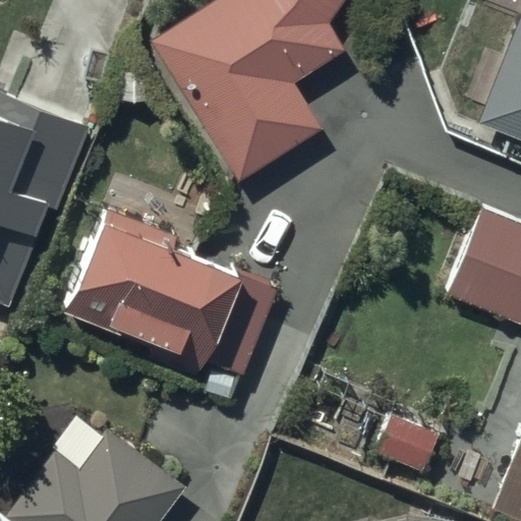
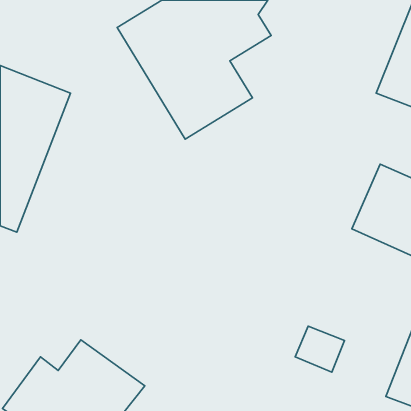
building: [62,210,279,378] -> none

